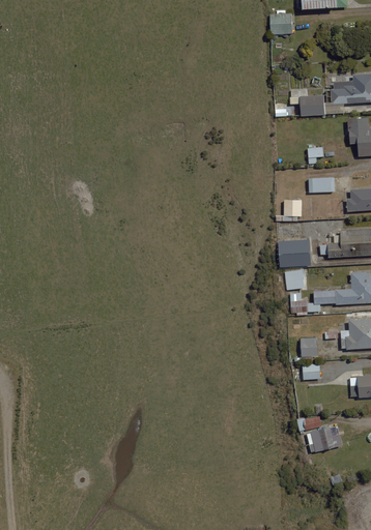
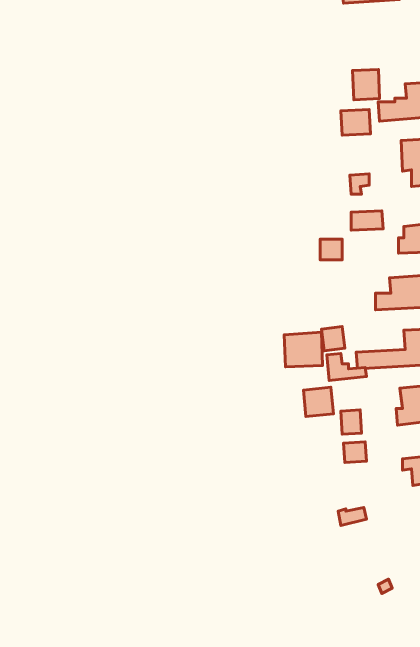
building: [269,13,293,34] -> none
building: none -> [353,69,380,100]
building: [279,239,310,267] -> [284,332,323,367]
building: none -> [303,387,333,417]
building: [307,426,343,453] -> none

